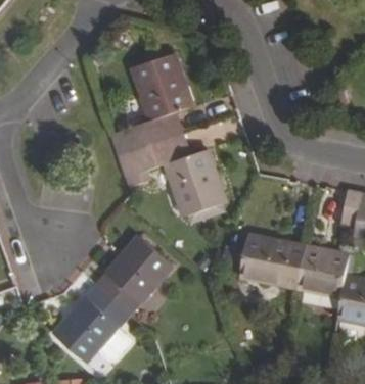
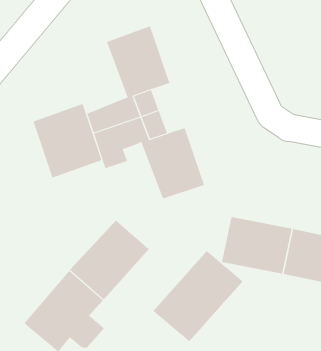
building: none -> [33,103,102,178]
building: none -> [153,250,243,342]

